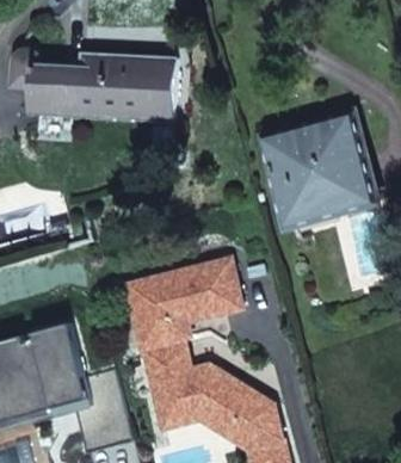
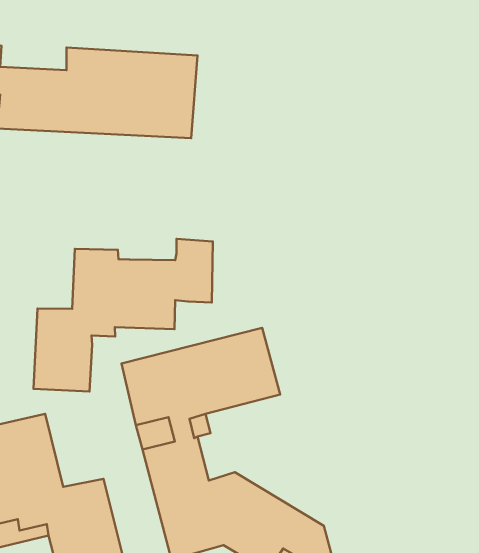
building: [267,107,377,220] -> none
building: none -> [34,239,213,392]

